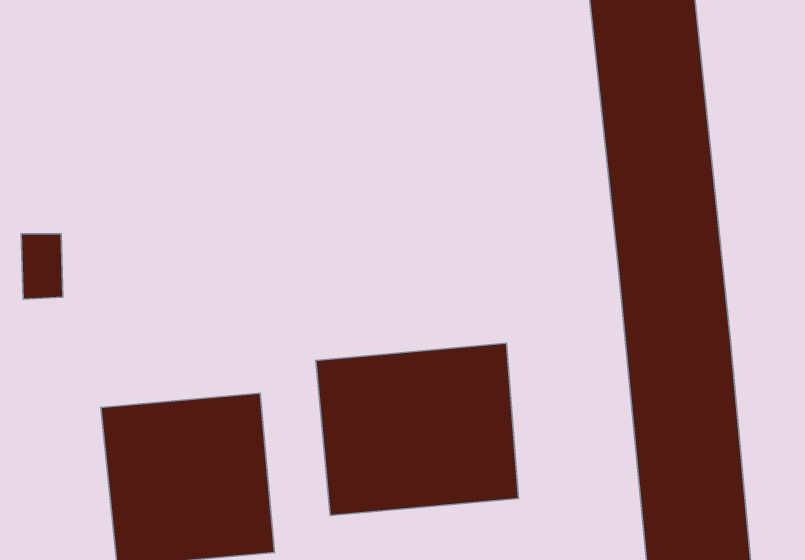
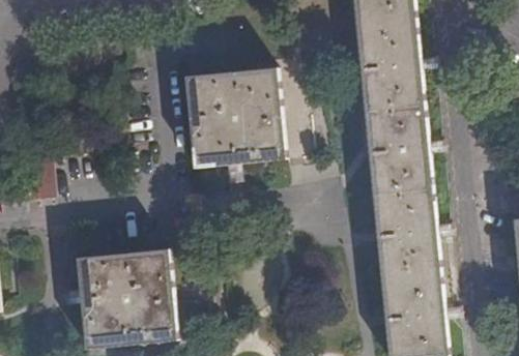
building: none -> [185,68,286,168]
building: [316,343,518,516] -> none

